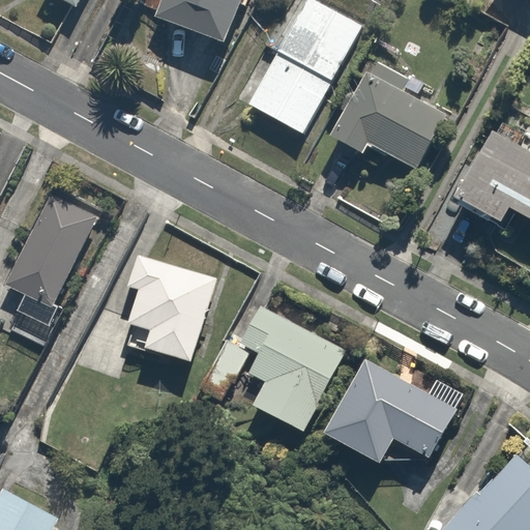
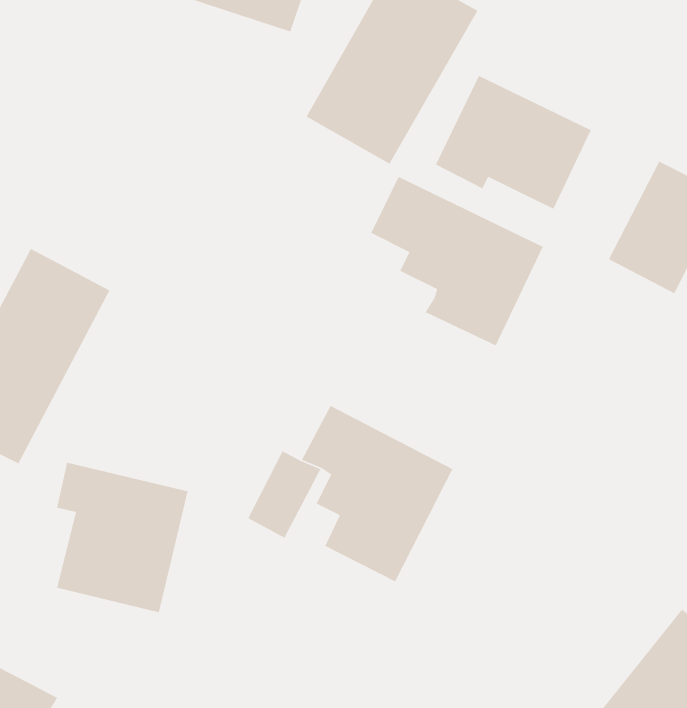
building: none -> [370,176,544,347]
building: [123,255,217,362] -> [56,462,189,613]
building: [326,356,462,466] -> none

